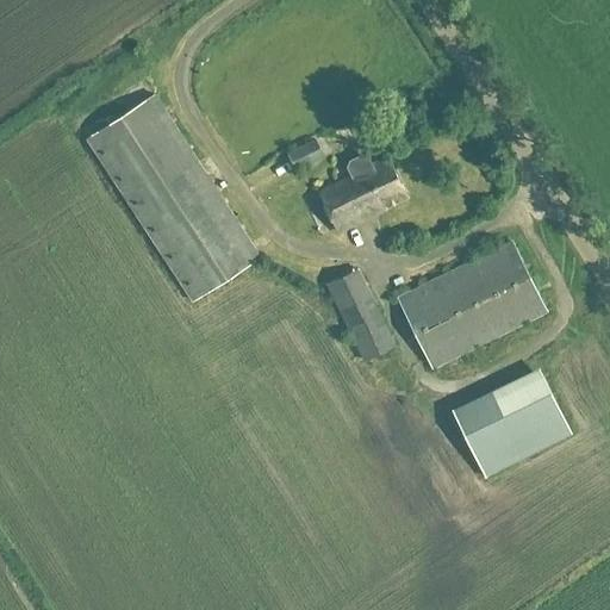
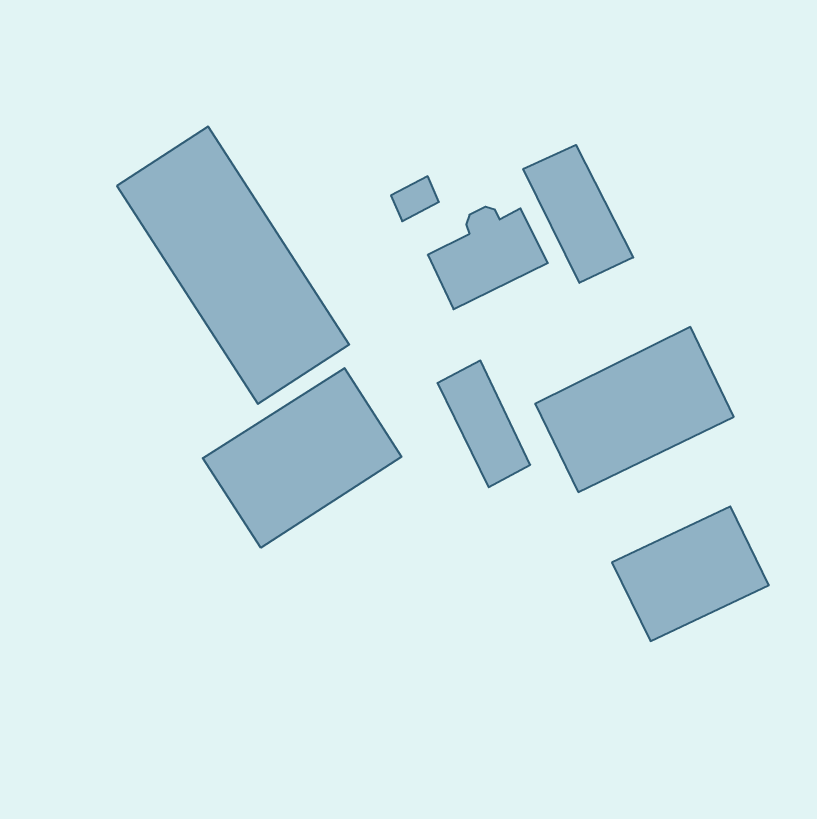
building: none -> [523,145,633,283]
building: none -> [203,368,401,548]

